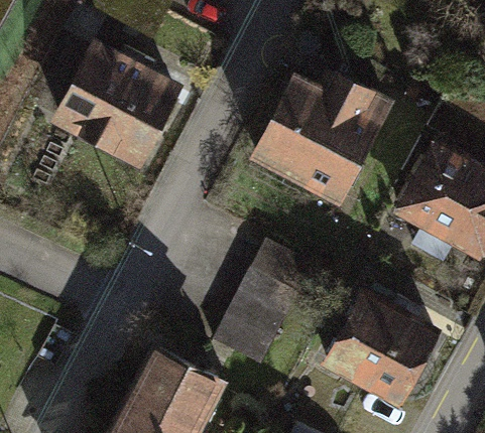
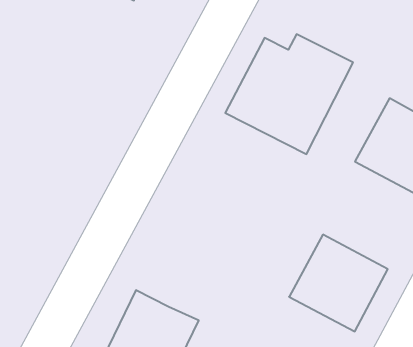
building: [56,42,188,171] -> none
building: [213,239,315,364] -> none

